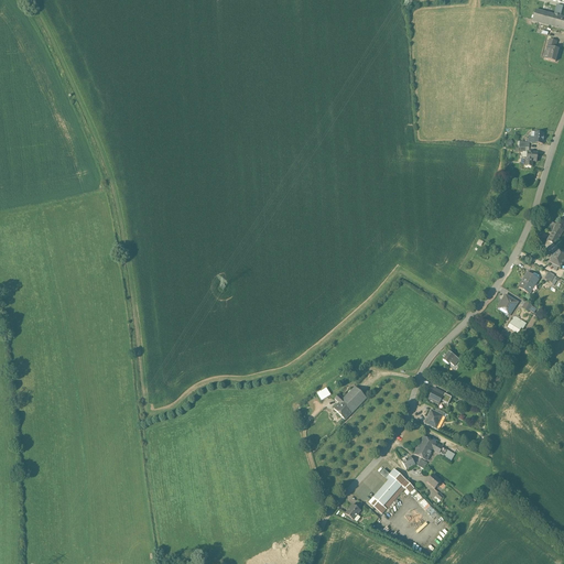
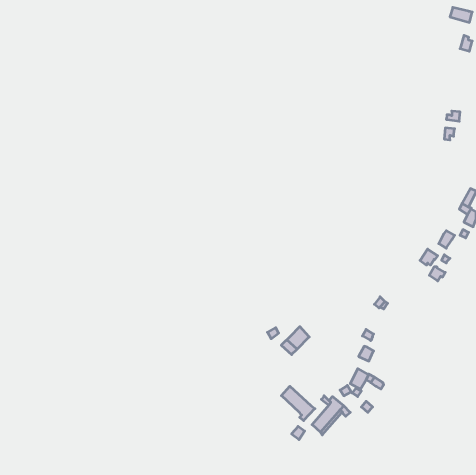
building: none -> [281,386,315,421]

